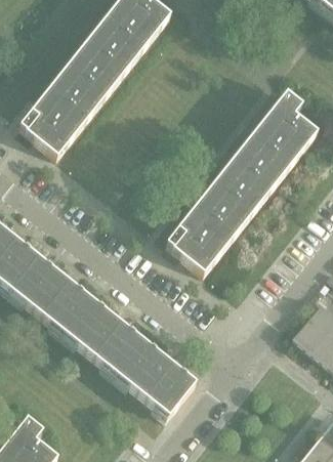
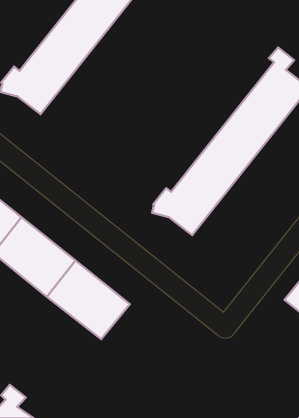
building: [115,337,195,413] -> none

